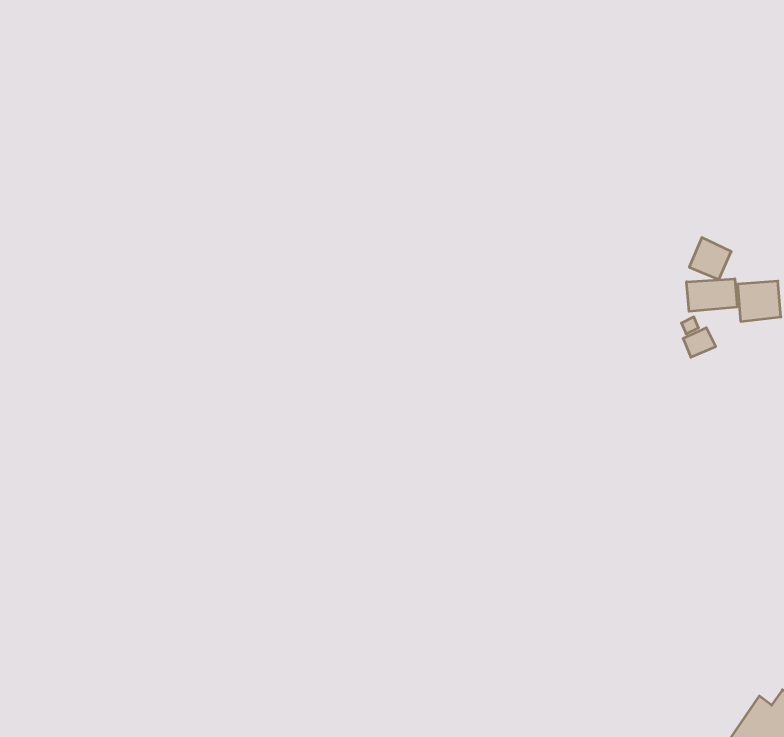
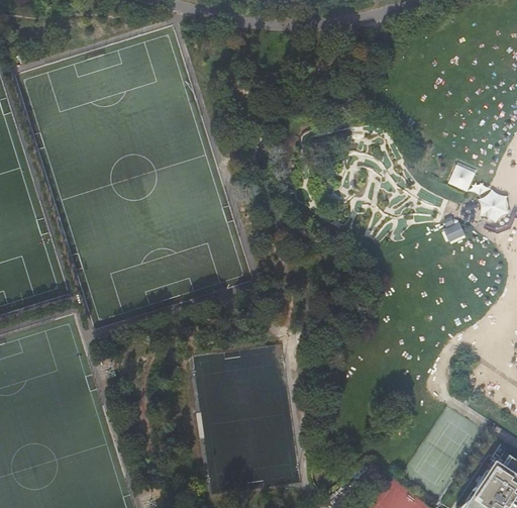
building: [687,279,737,311] -> none

